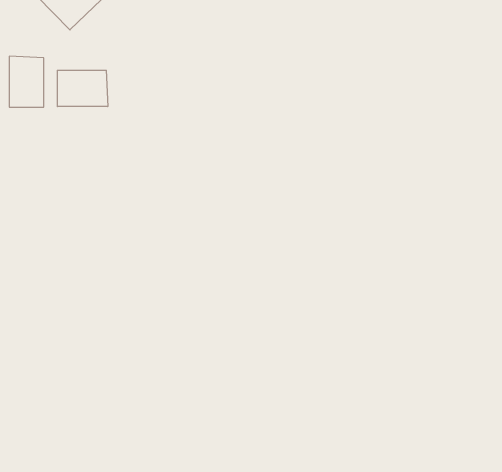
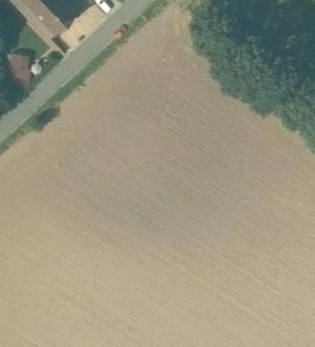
building: [57,70,108,107] -> none

